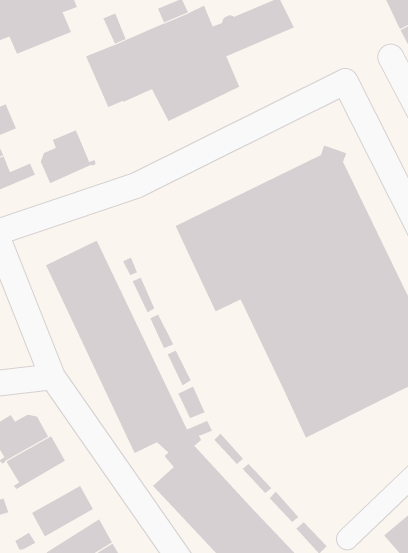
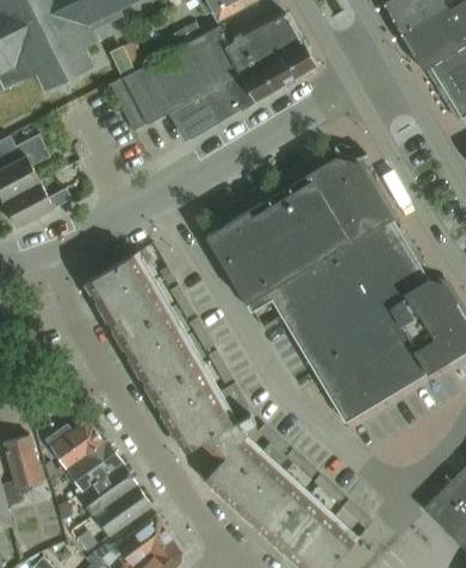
building: none -> [242,42,316,101]
building: [40,130,96,185] -> none
building: none -> [75,463,138,514]

